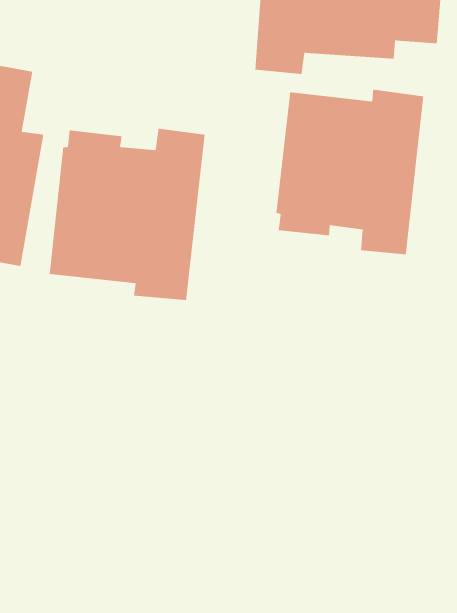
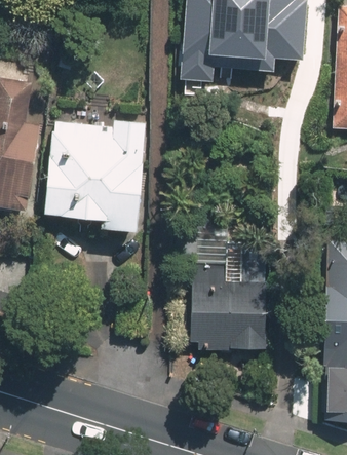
building: [276,89,424,255] -> none
building: none -> [191,225,264,348]

